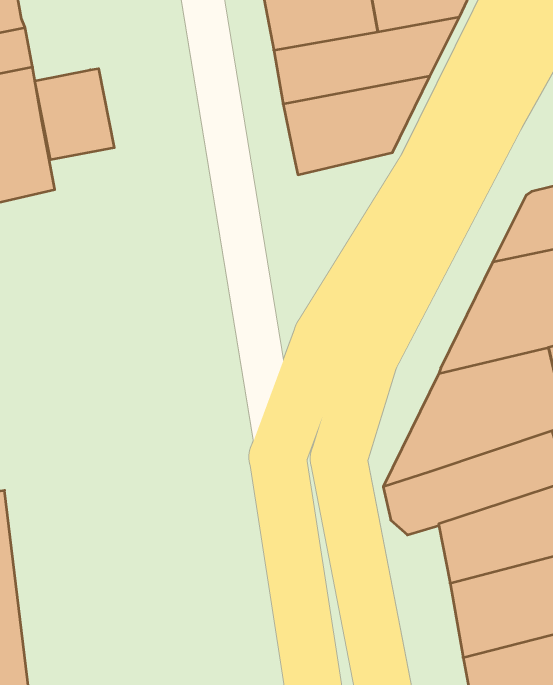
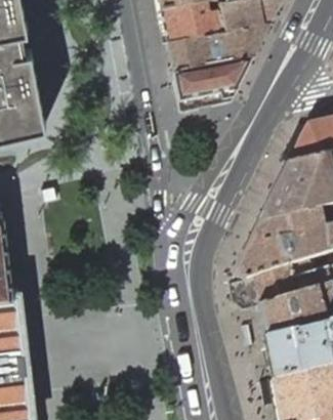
building: [35,69,114,160] -> none

